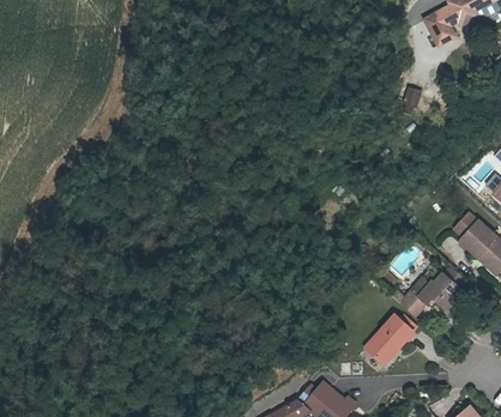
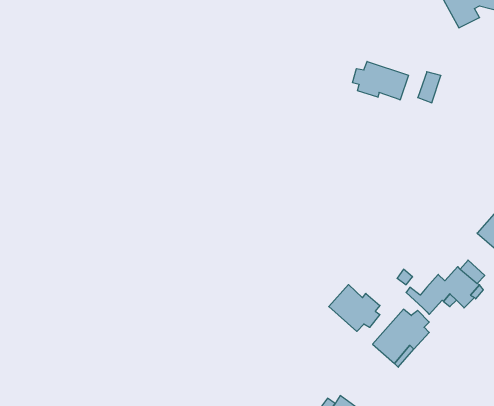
building: none -> [353,61,408,100]
building: none -> [329,285,380,331]

